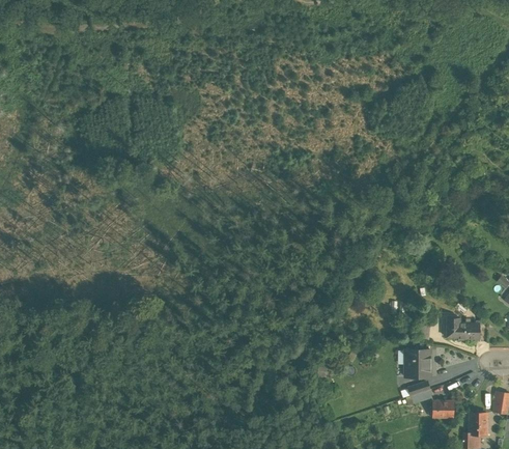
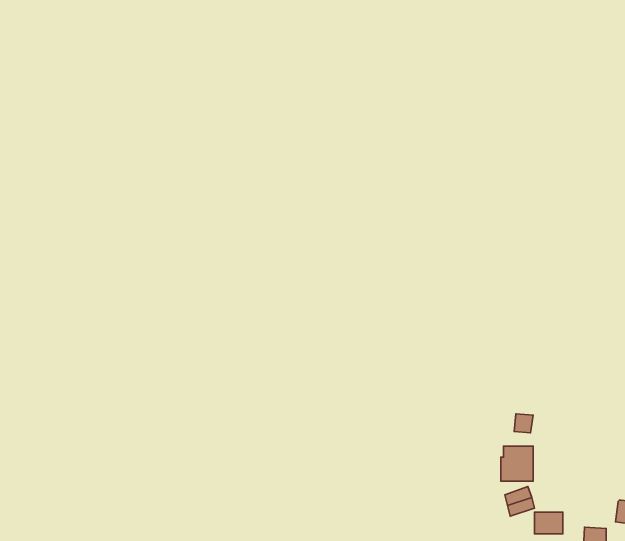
building: [448,318,481,340] -> none

